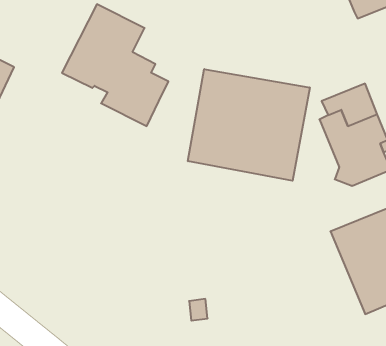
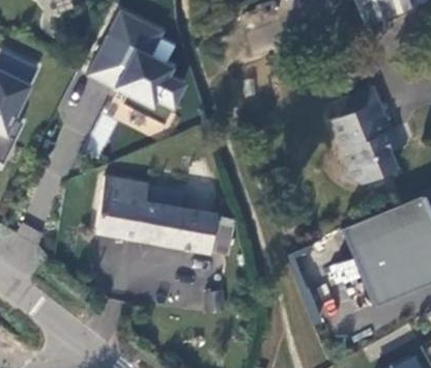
building: [188,69,310,181] -> none
building: none -> [96,176,234,254]

